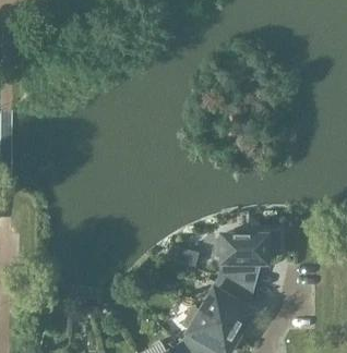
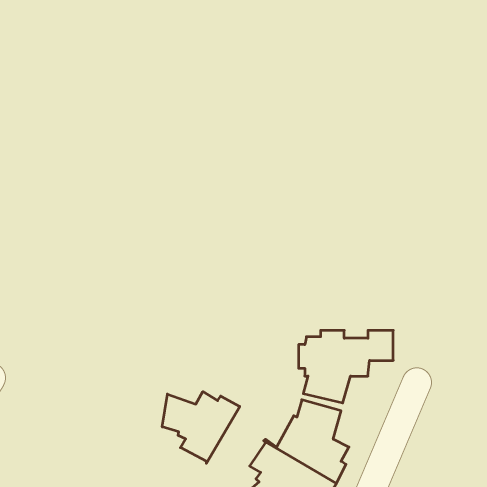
building: none -> [162,392,240,463]

